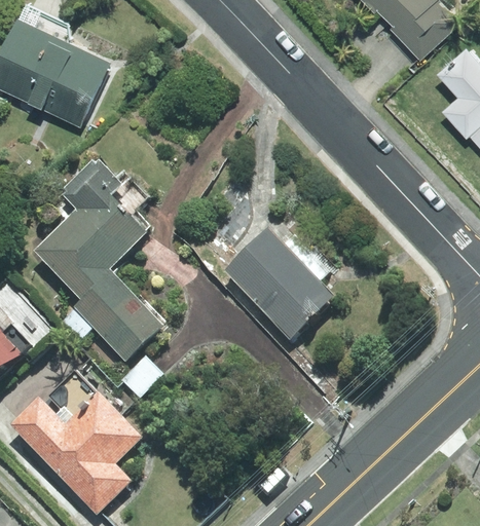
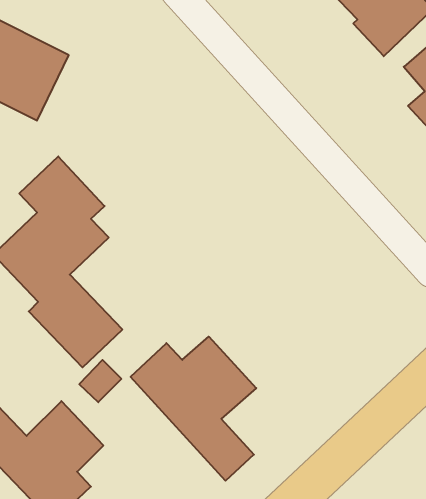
building: [226,218,333,340] -> none
building: none -> [131,337,256,481]

